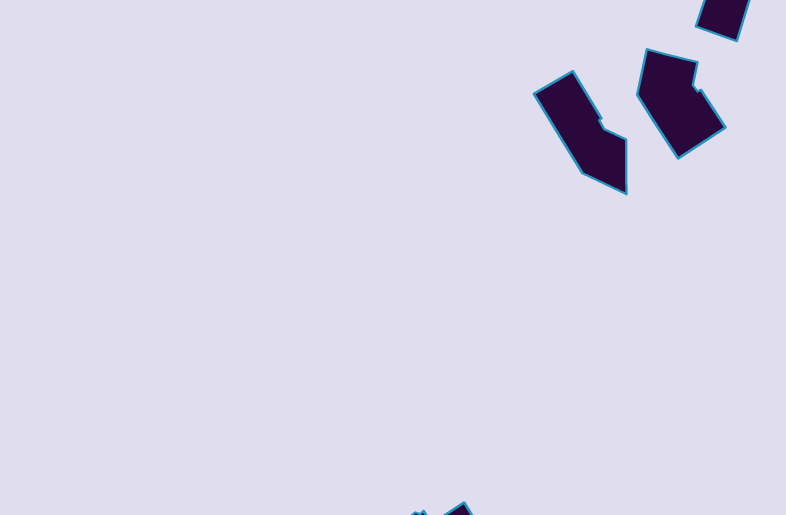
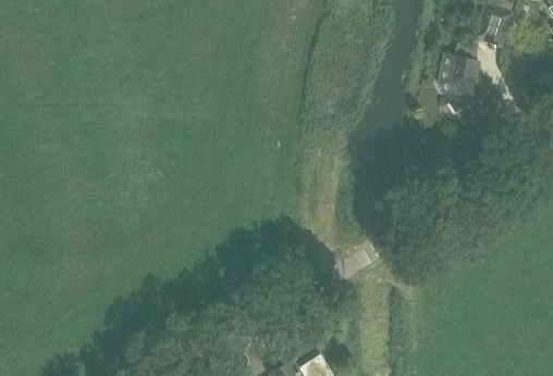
building: [534,71,626,194] -> none

